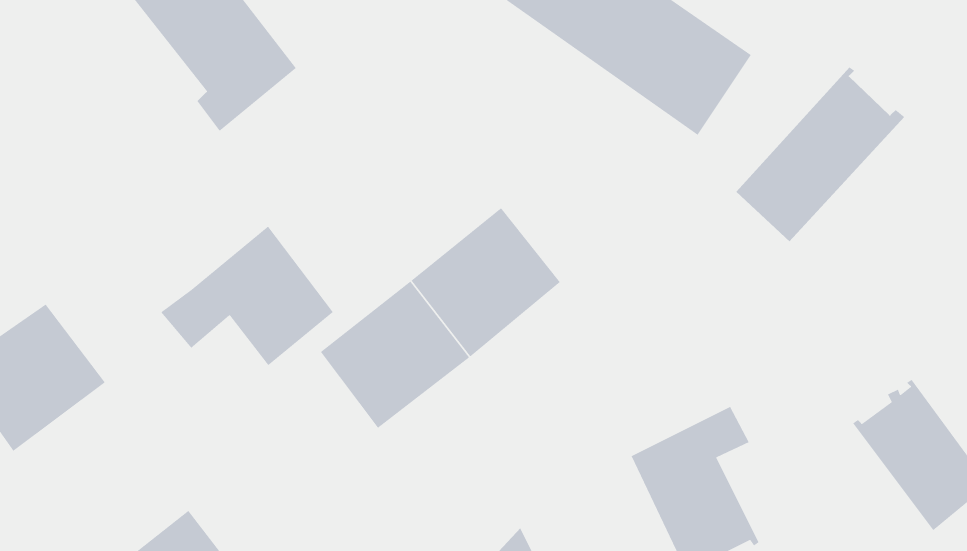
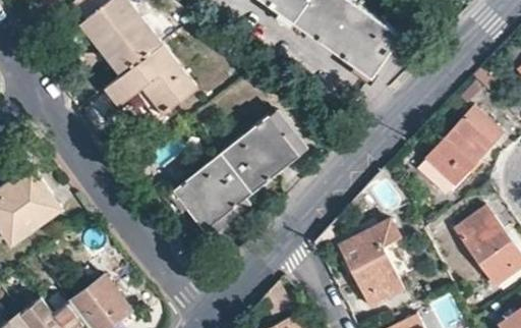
building: [736,67,905,242] -> [416,103,506,196]
building: [160,226,334,366] -> [104,41,195,115]

